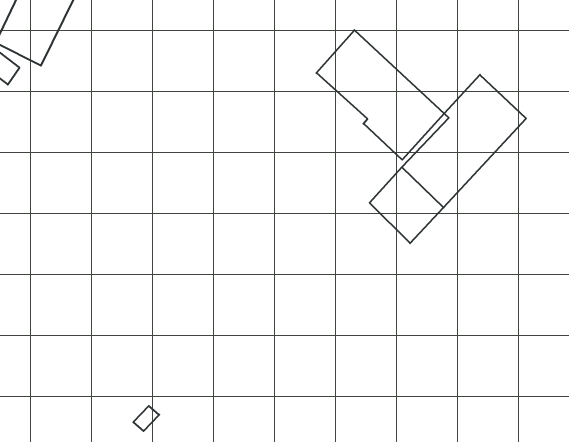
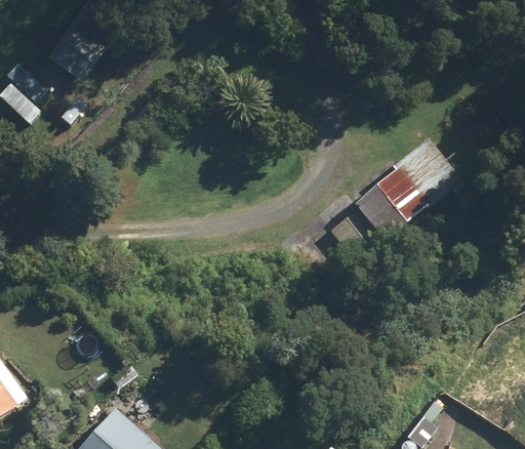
building: [316,30,444,160] -> none

